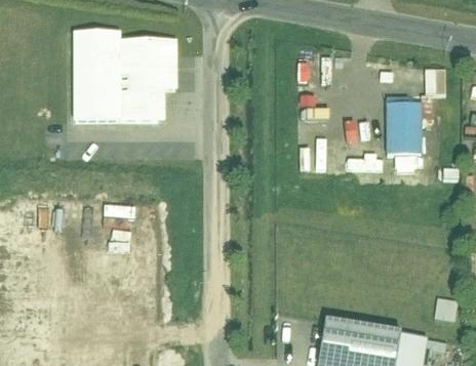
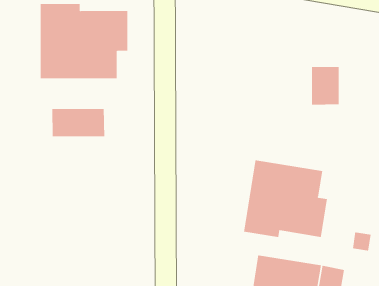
building: none -> [52,108,105,137]
building: none -> [243,160,328,238]

